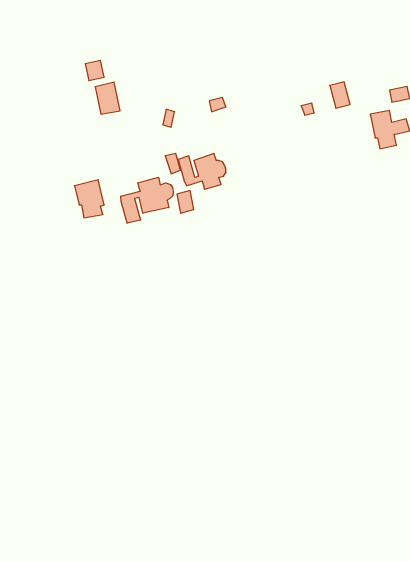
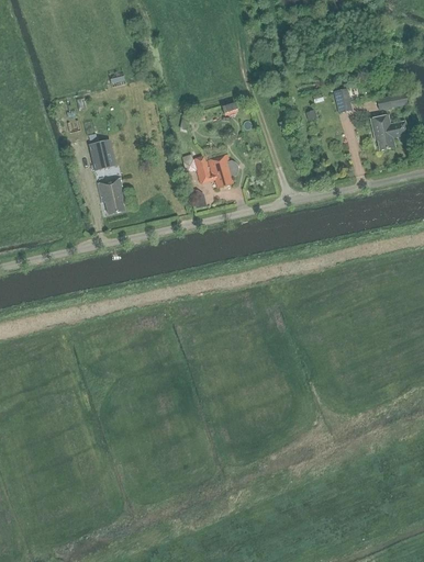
building: [95,82,120,114] -> [88,139,111,169]
building: [121,177,173,223] -> none

